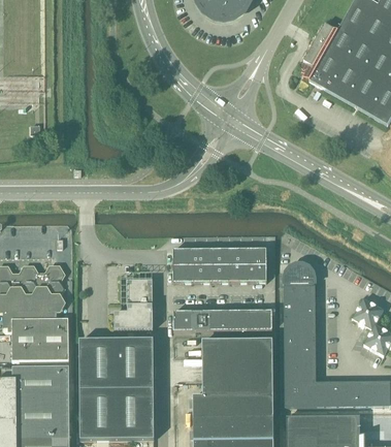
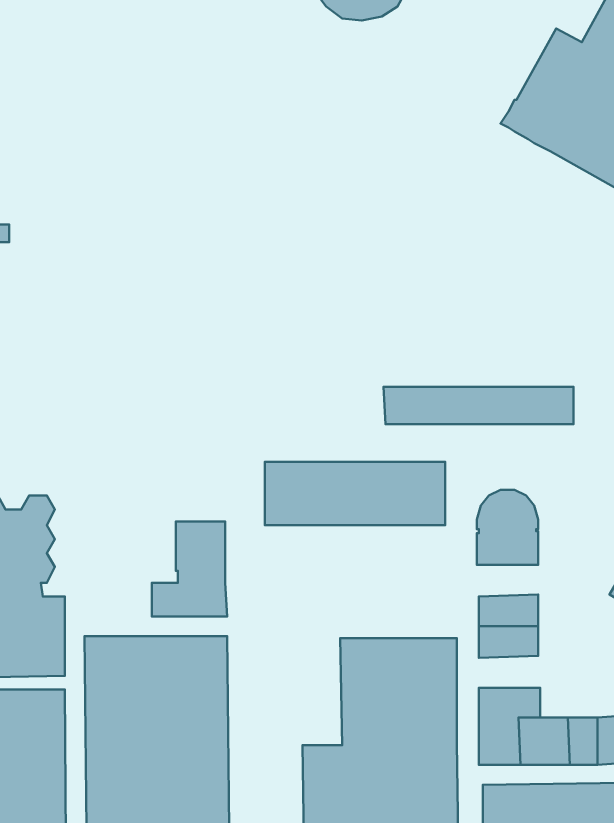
building: [283,302,315,319] -> none
building: [172,311,271,330] -> [383,387,574,424]
building: [284,350,316,366] -> none

